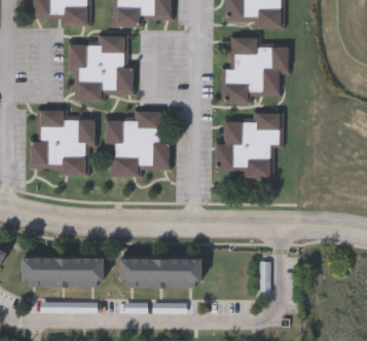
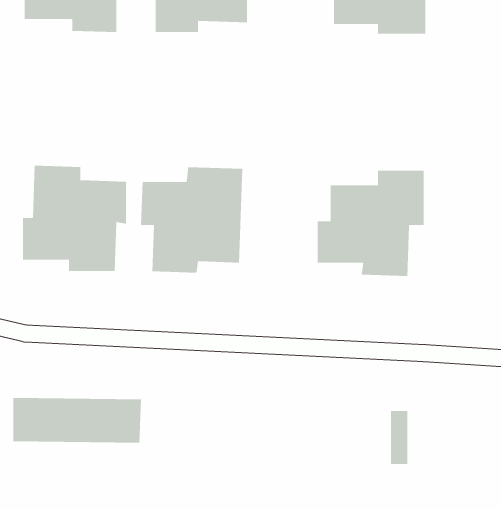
building: [68,36,135,102] -> none
building: [221,38,289,103] -> none
building: [122,256,205,283] -> none

